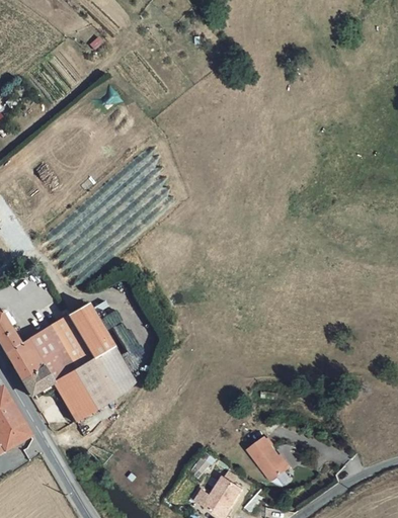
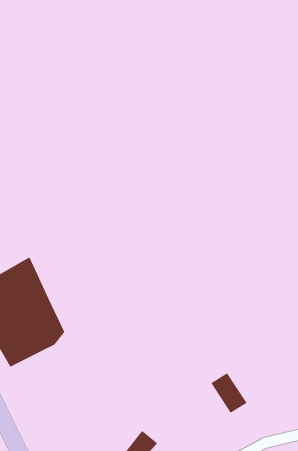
building: [248,432,290,476] -> [210,373,247,414]

